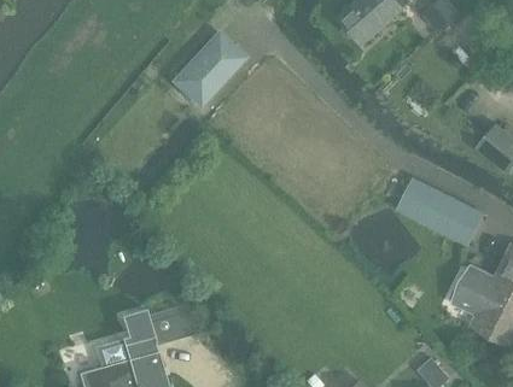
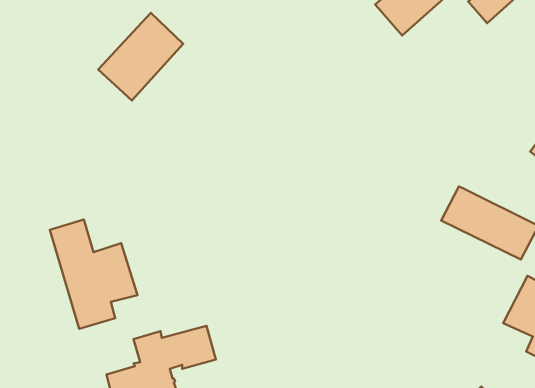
building: [170,30,246,109] -> [98,13,183,101]
building: none -> [50,220,137,329]

